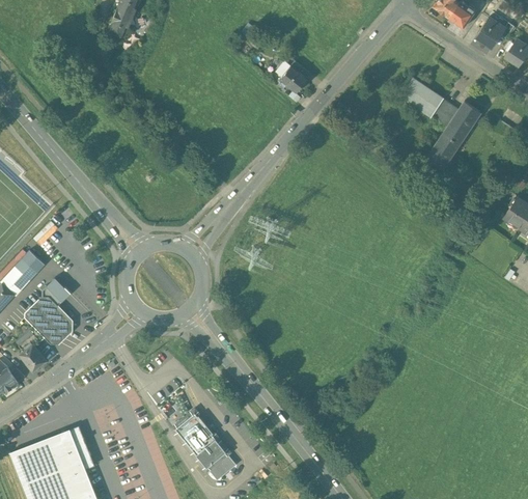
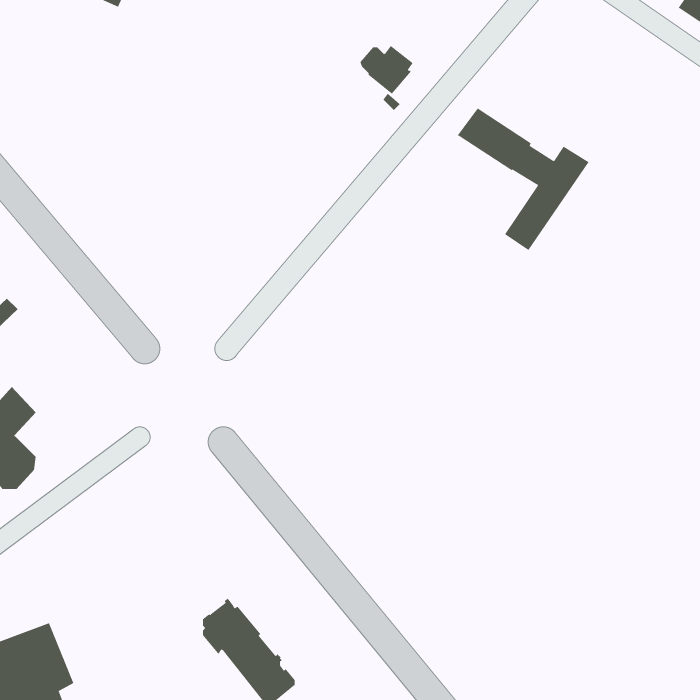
building: [396,77,481,168] -> [455,106,590,251]

